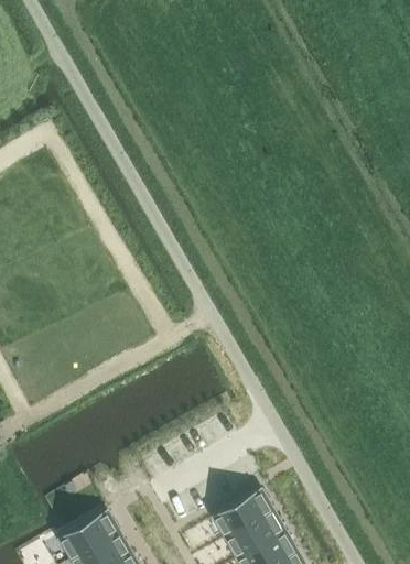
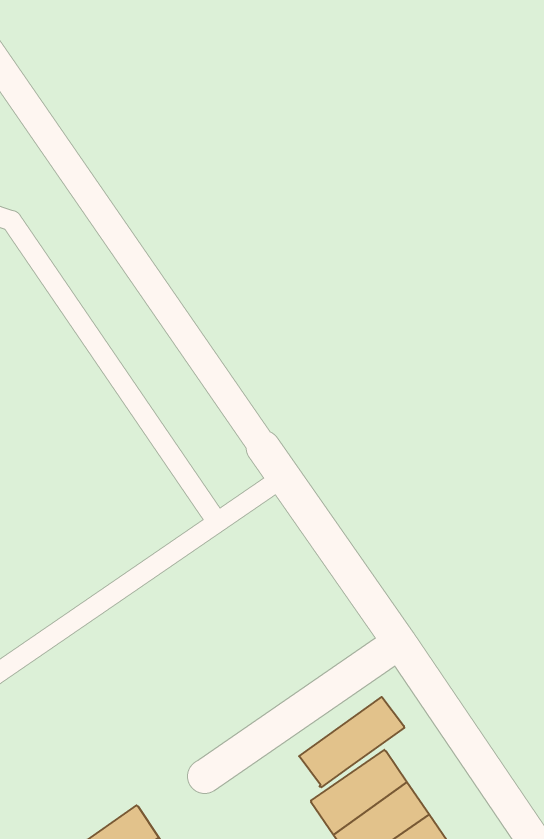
building: none -> [299,697,404,787]

